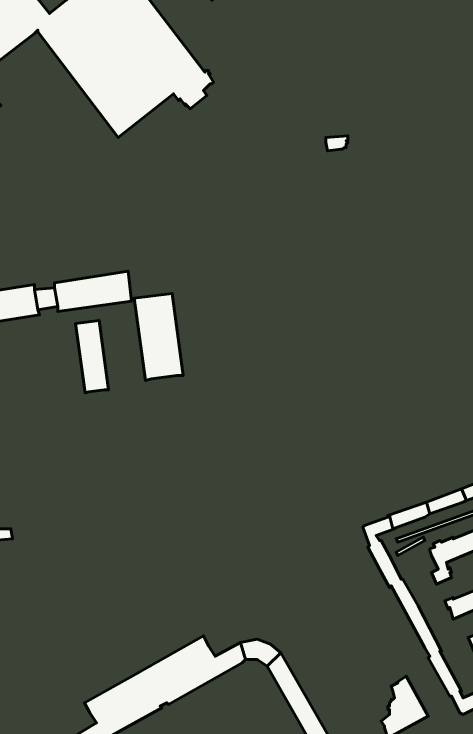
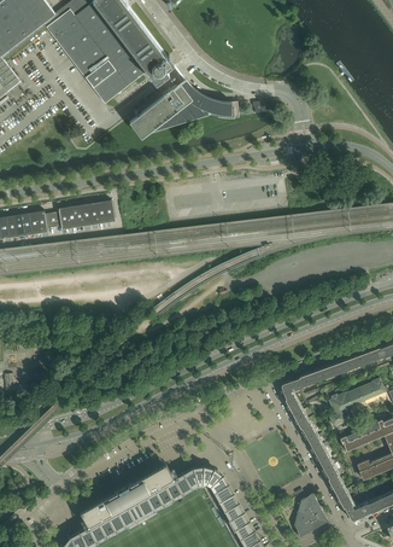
building: none -> [129,80,237,138]
building: [134,293,183,381] -> none
building: [76,321,109,393] -> none

